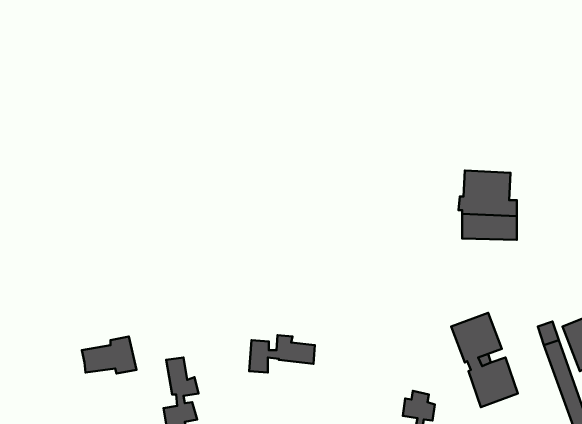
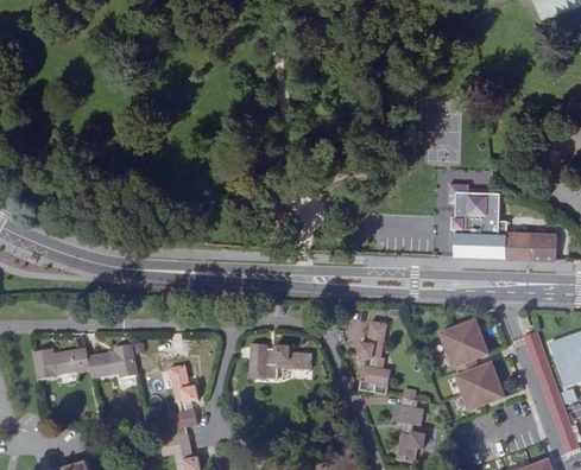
building: none -> [504,229,555,253]
building: none -> [358,319,391,390]
building: none -> [32,349,89,381]

